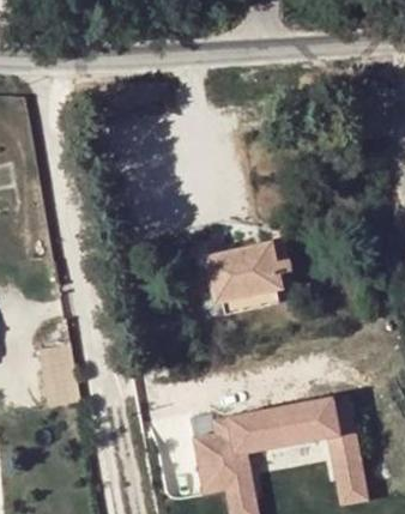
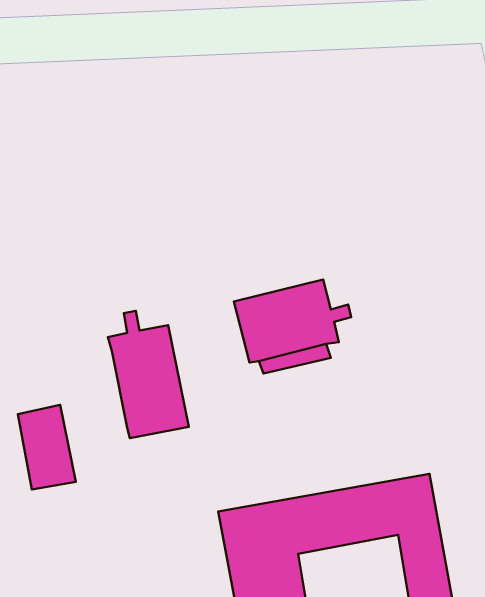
building: none -> [108,311,189,438]

